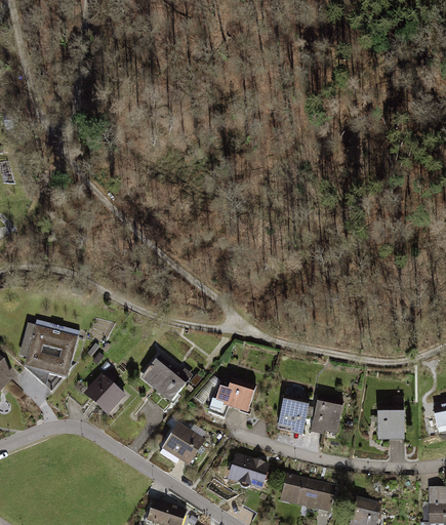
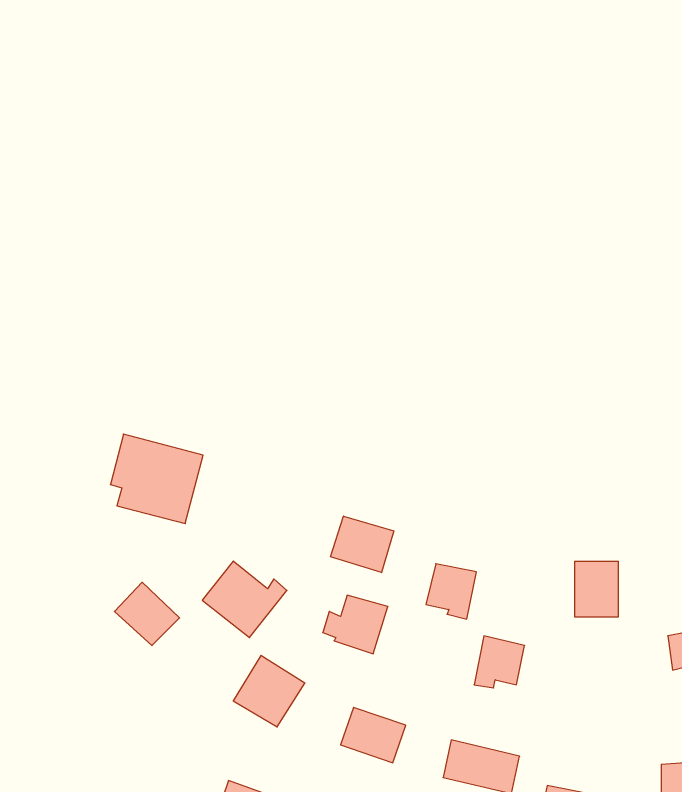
building: [19,318,78,374] -> [110,434,203,524]
building: none -> [330,516,394,573]
building: [277,405,309,440] -> [426,564,476,619]
building: [377,409,405,444] -> [575,561,618,617]

